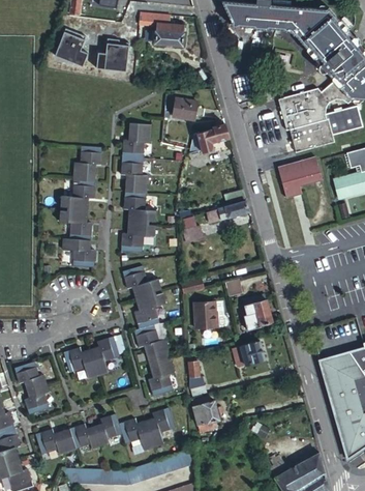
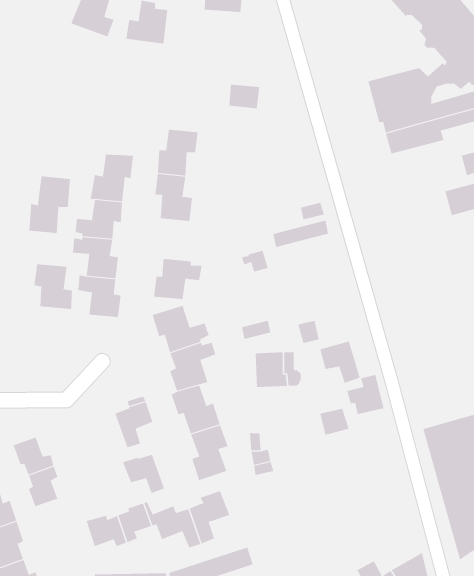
building: [189,123,230,152] -> none
building: [280,157,326,199] -> none
building: none -> [29,175,70,234]
building: [120,201,155,233] -> none
building: none -> [34,264,73,310]
building: none -> [347,374,384,415]
building: [65,348,97,378] -> [122,454,165,494]
building: [194,400,219,424] -> none
building: [34,429,73,456] -> none

